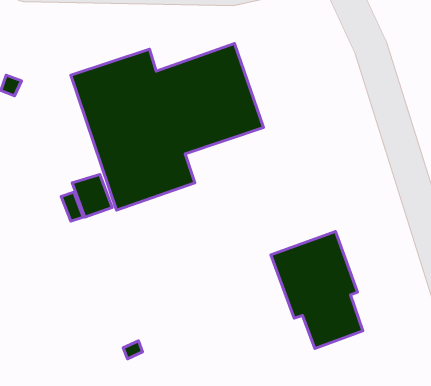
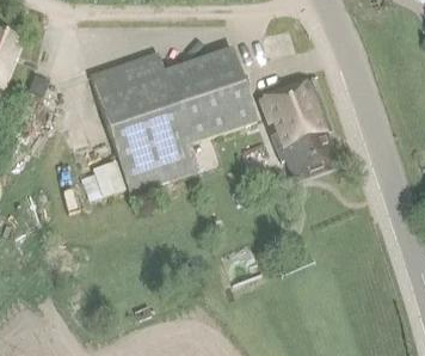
building: [271,232,363,349] -> [257,75,337,177]

